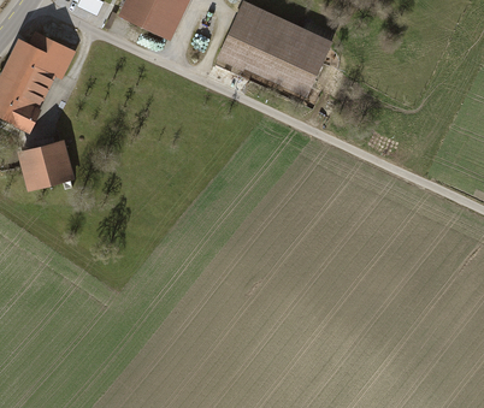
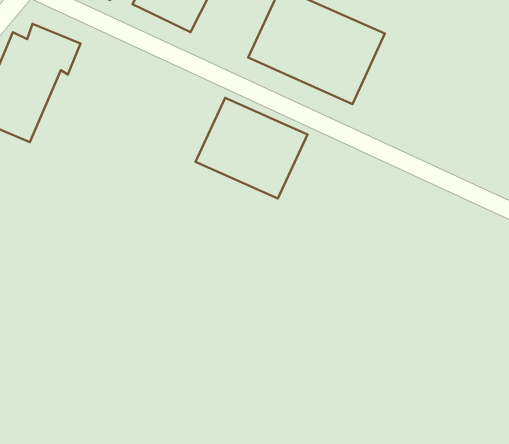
building: none -> [196,98,307,199]
building: [17,142,73,190] -> none

